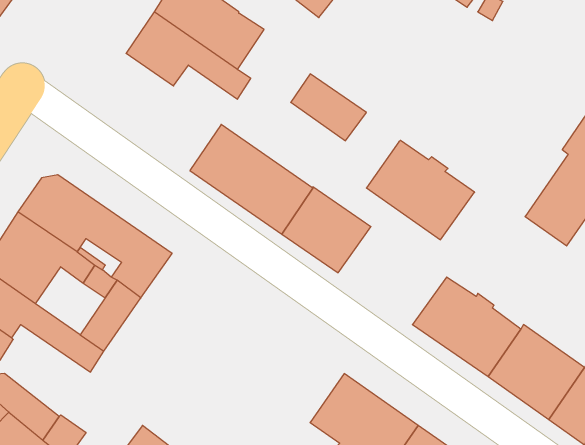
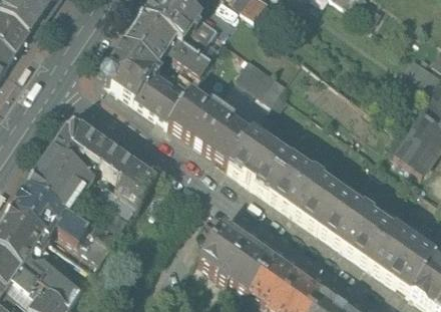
building: none -> [101,39,189,118]
building: [366,140,475,240] -> [268,155,341,223]
building: none -> [198,221,272,289]

